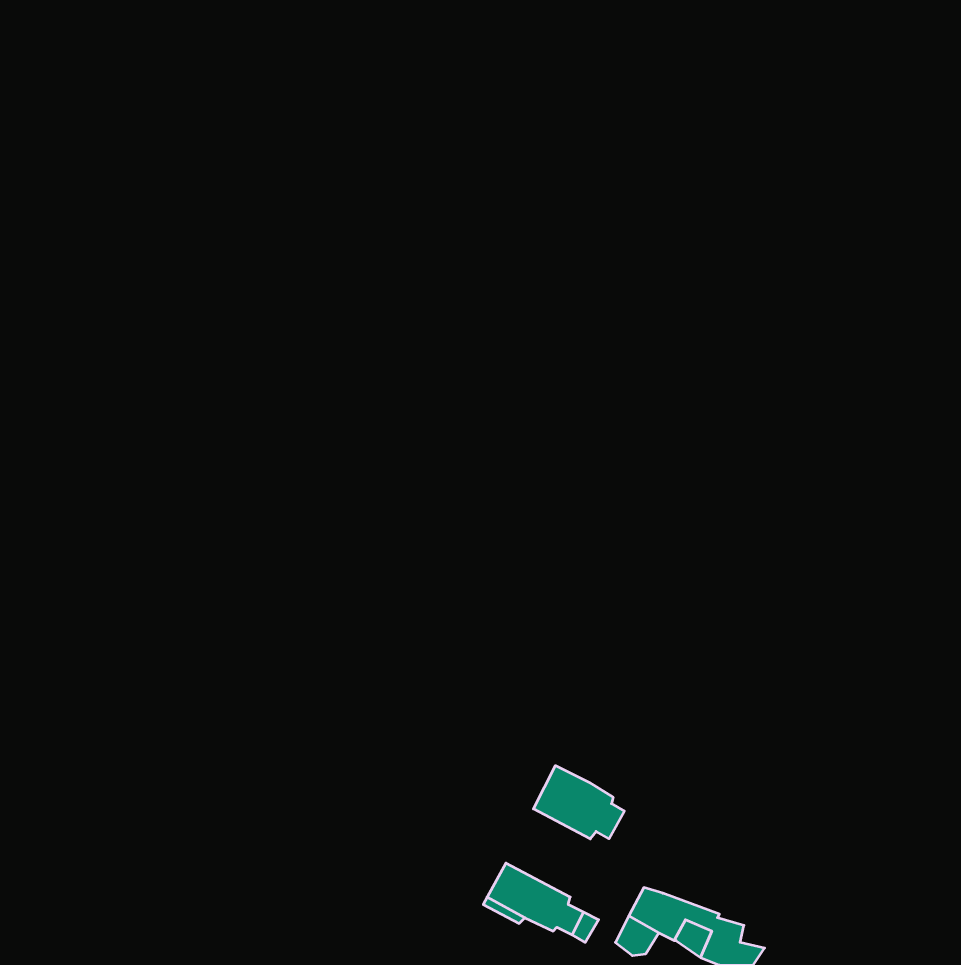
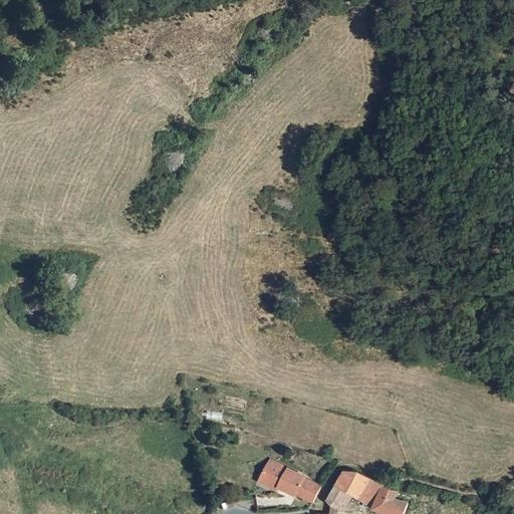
building: [533,766,624,839] -> none

